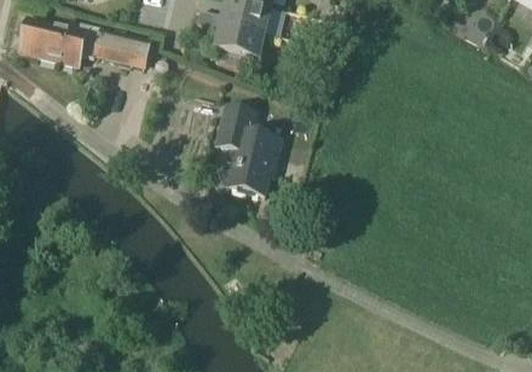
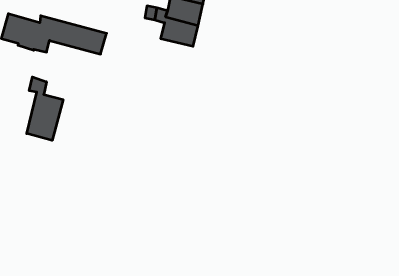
building: none -> [27,77,63,140]
building: [215,103,282,194] -> none

